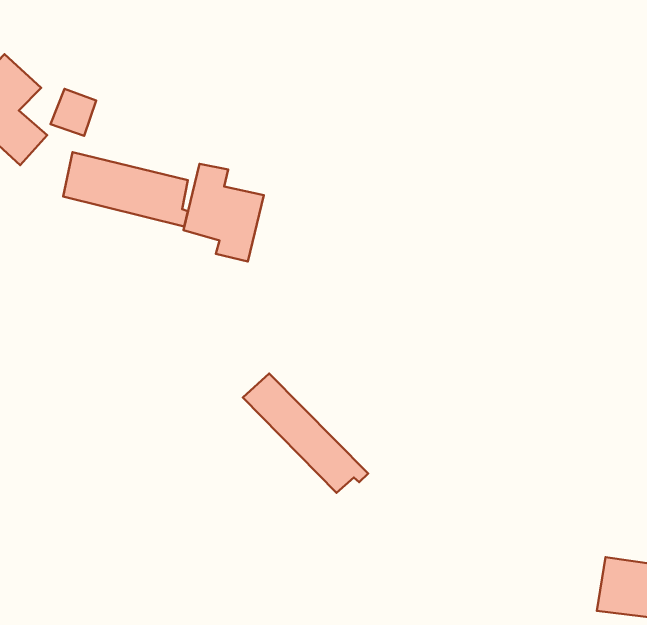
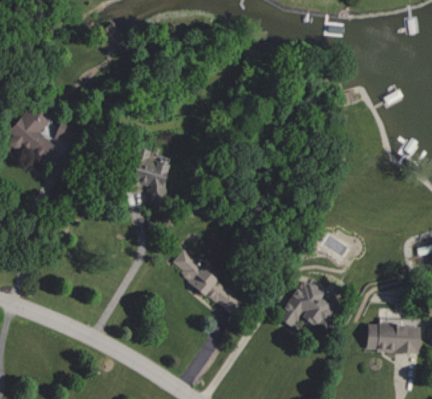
building: [63,152,188,227] -> none
building: none -> [280,277,330,327]

